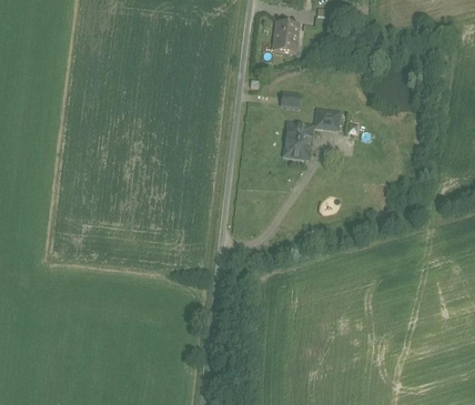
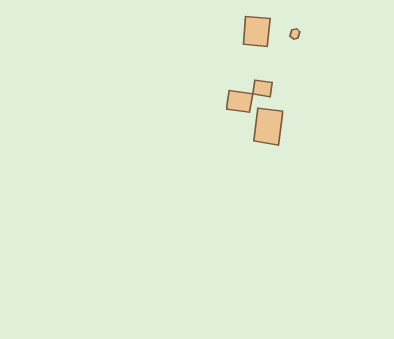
building: [313,108,341,131] -> [227,91,253,112]

